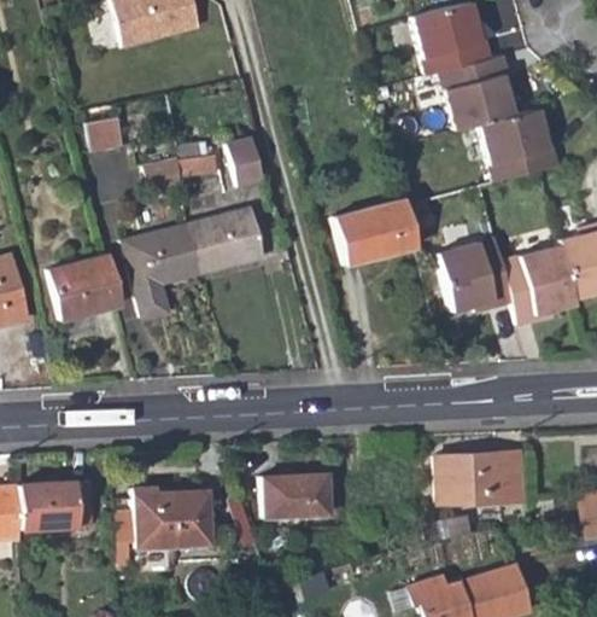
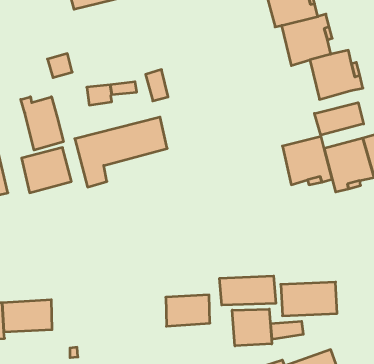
building: none -> [21,97,63,150]
building: none -> [314,103,364,135]
building: [339,198,420,264] -> none
building: none -> [220,276,276,305]
building: [134,487,210,549] -> none
building: none -> [232,309,272,346]

